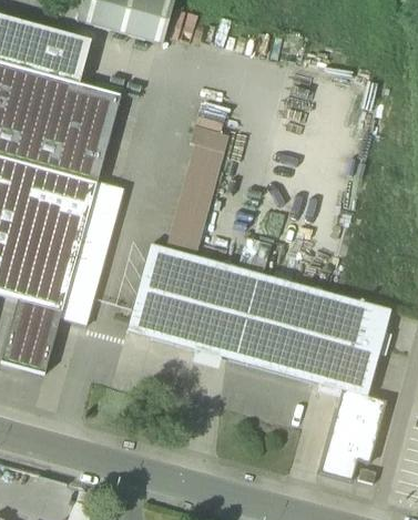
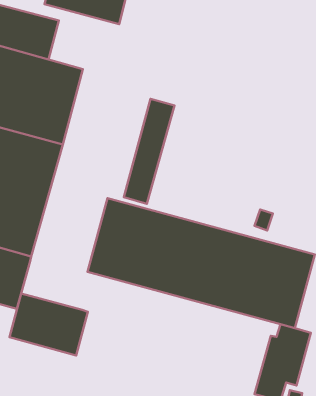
building: [59,183,122,325] -> none
building: none -> [9,293,88,355]

